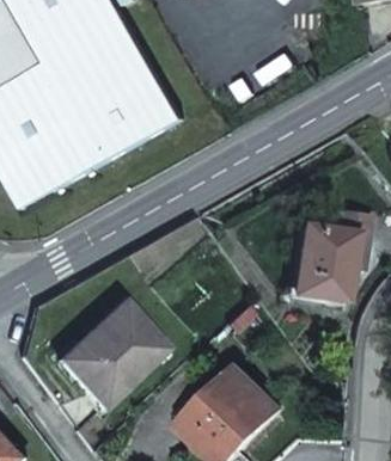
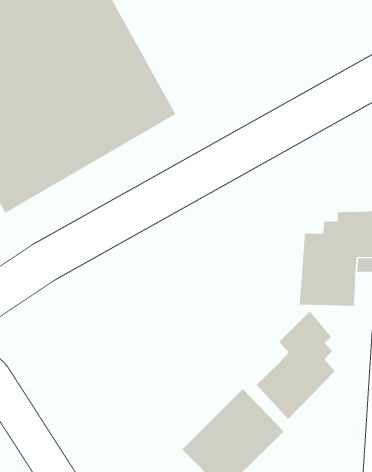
building: none -> [256,310,336,420]
building: [55,305,159,406] -> none

